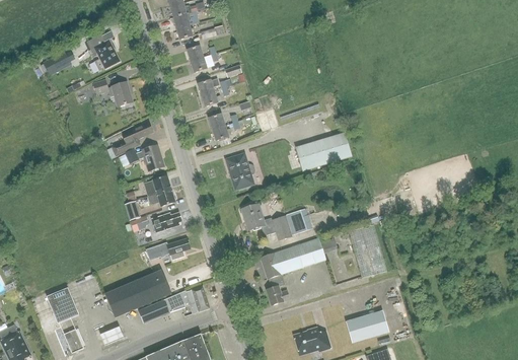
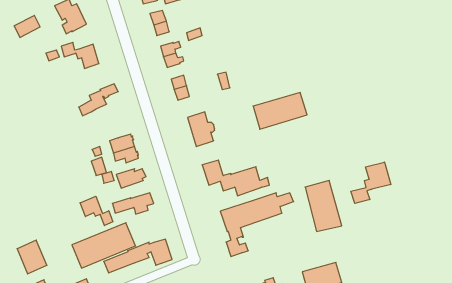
building: [125,144,163,170] -> none
building: none -> [351,162,391,203]
building: none -> [80,196,113,226]

